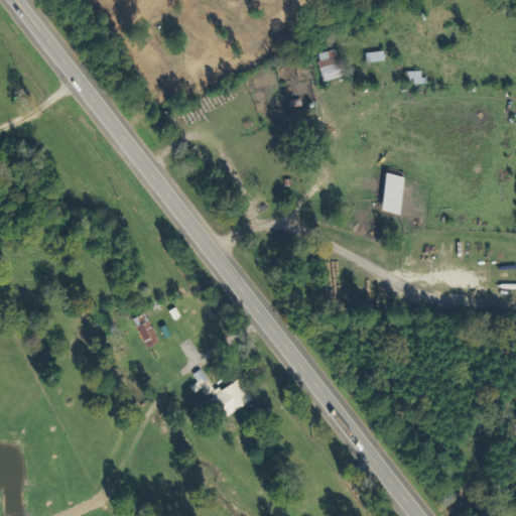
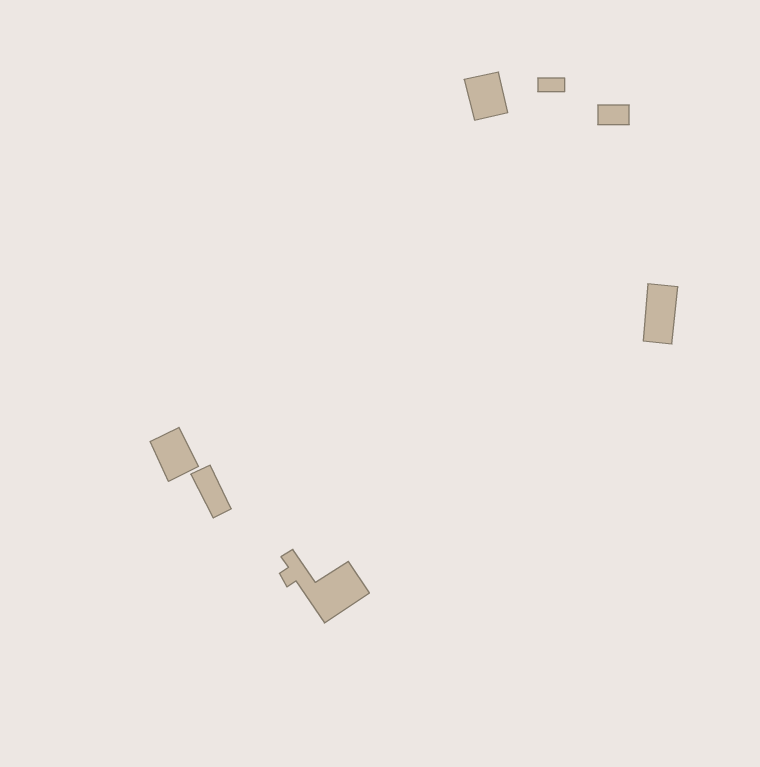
building: [380,172,403,213] -> [643,284,678,344]
building: none -> [150,427,198,481]

